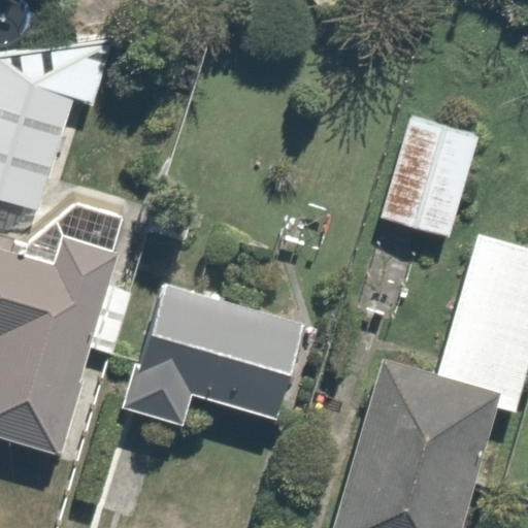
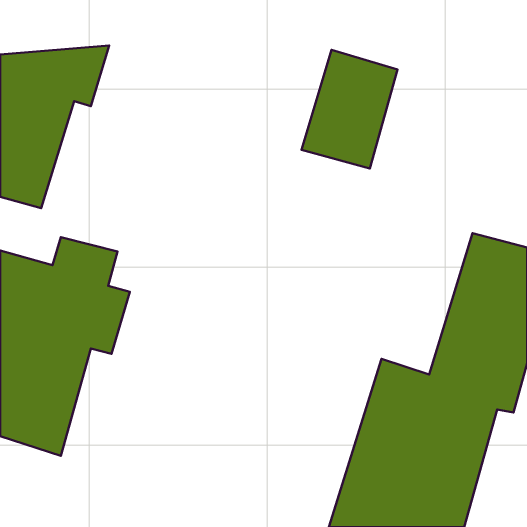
building: [381,118,476,236] -> [302,50,398,168]
building: [124,280,306,427] -> none

